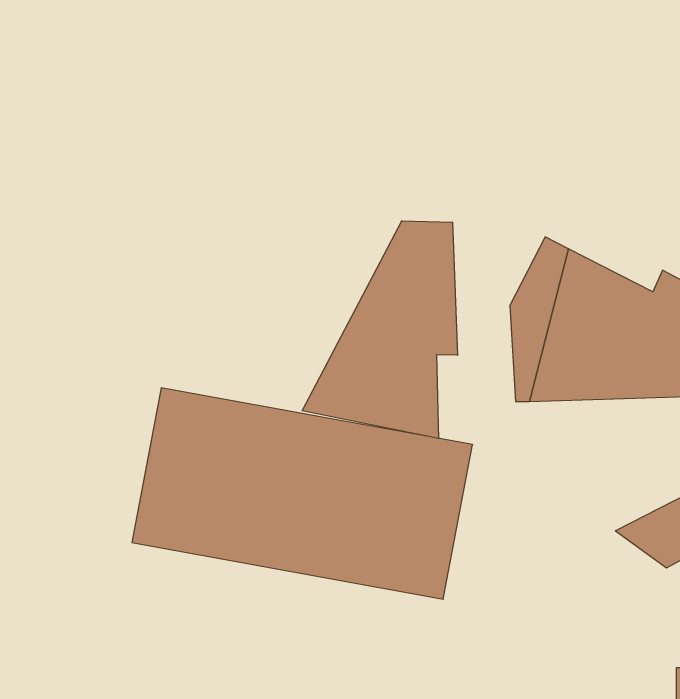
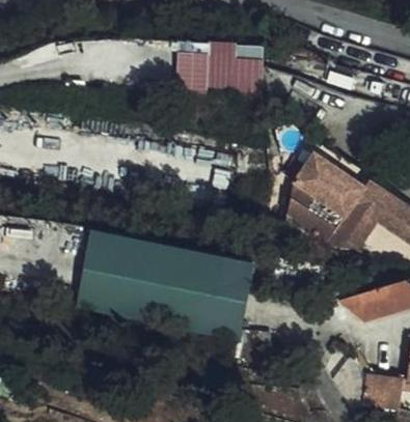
building: none -> [179,45,267,97]
building: [302,221,457,438] -> none

